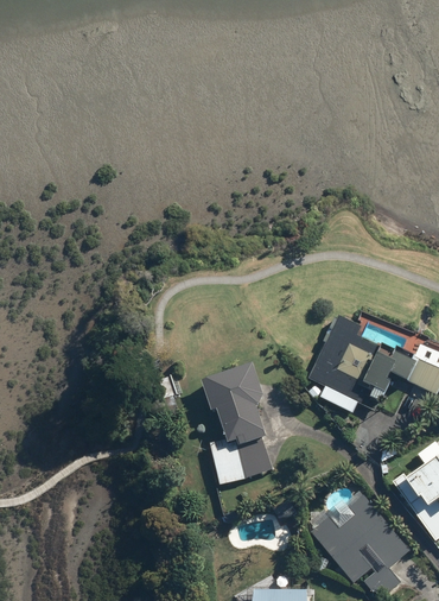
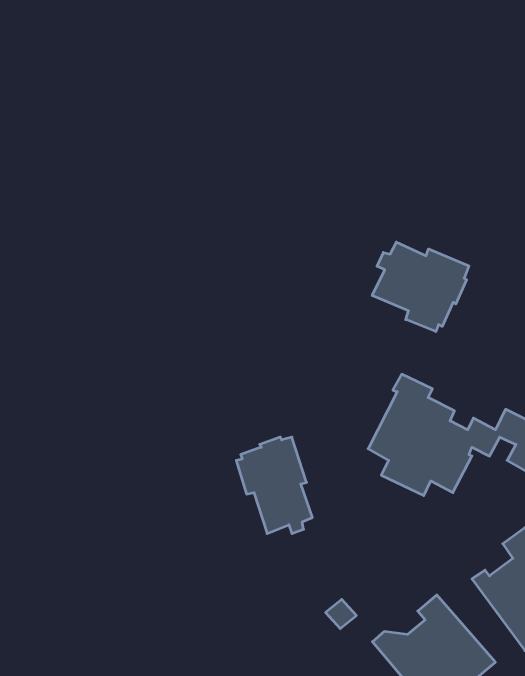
building: none -> [372,242,469,332]
building: [210,443,272,485] -> none

